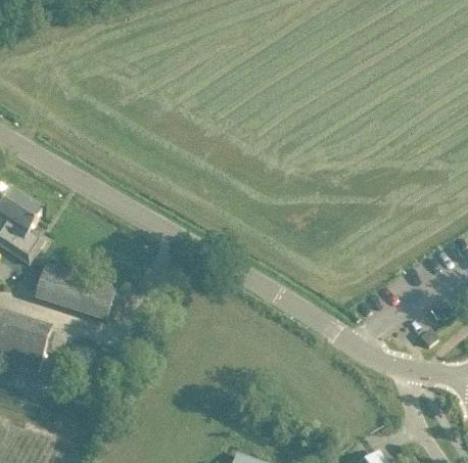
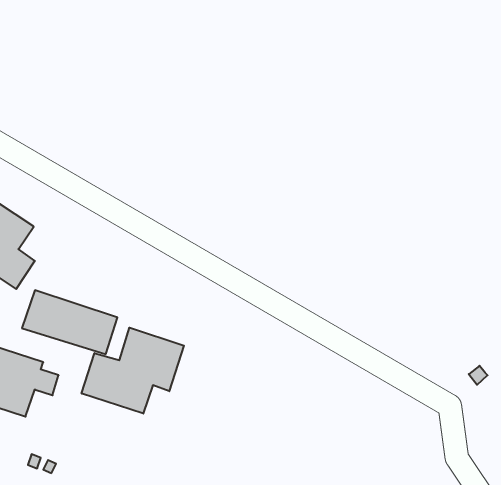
building: none -> [82,328,184,414]

